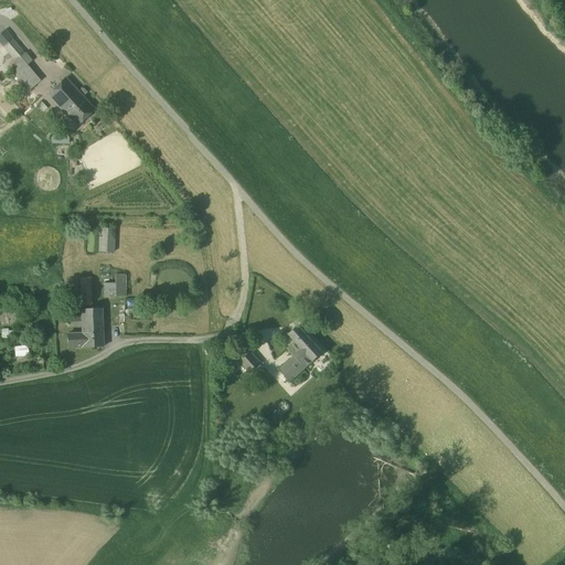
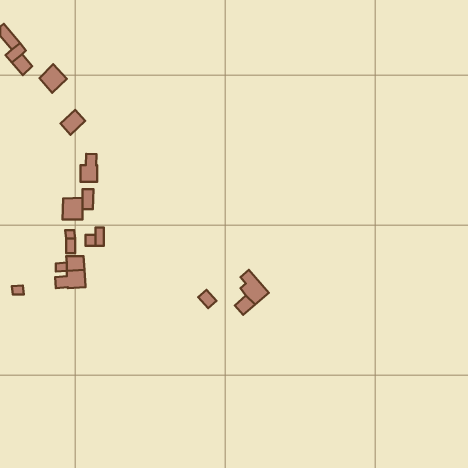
building: [64,95,94,125] -> [60,110,85,135]
building: none -> [81,154,97,182]
building: none -> [62,198,83,220]

